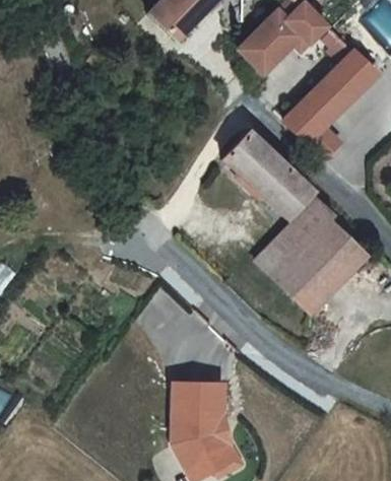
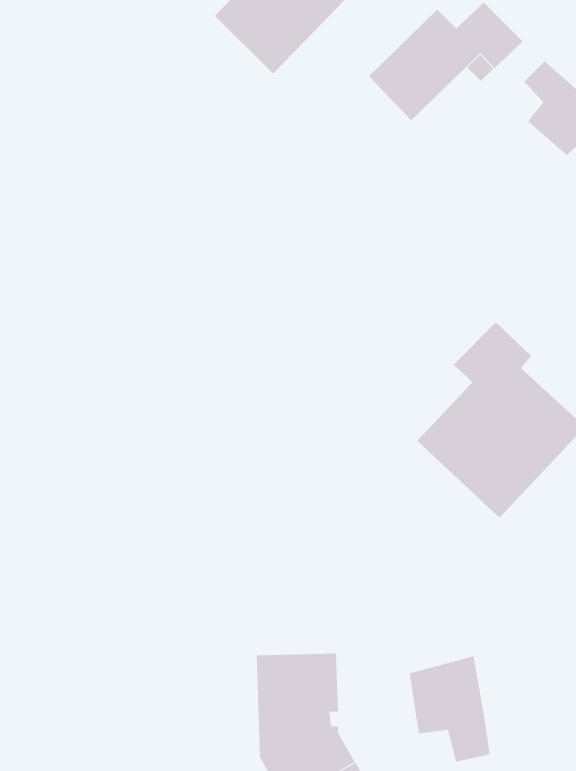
building: [287,73,354,153] -> none
building: [223,127,315,216] -> none
building: none -> [409,656,490,762]

